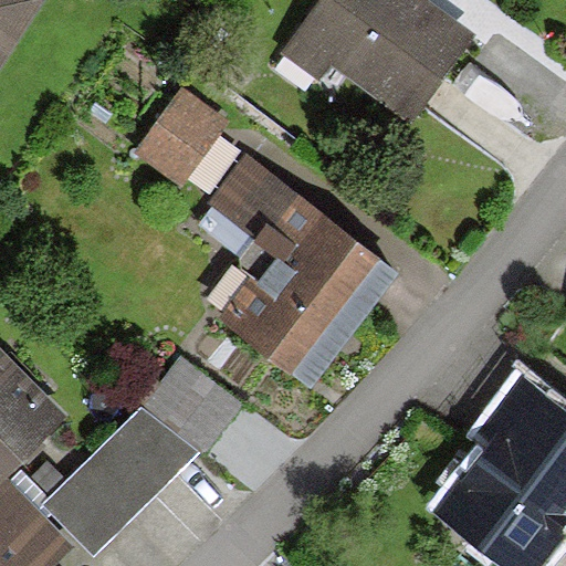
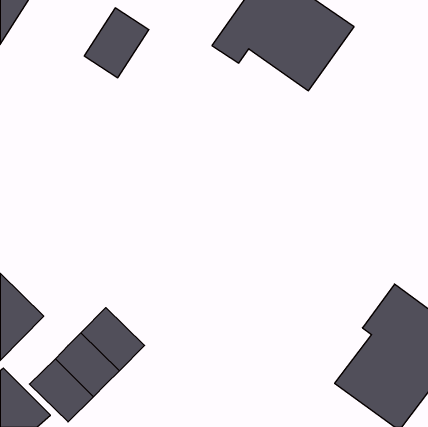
building: [138,86,223,178] -> [84,8,149,78]
building: [202,160,395,386] -> none
building: [148,355,237,440] -> none

